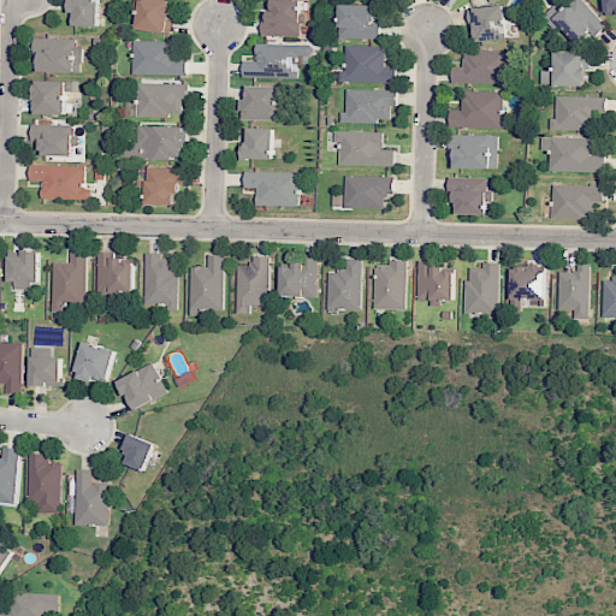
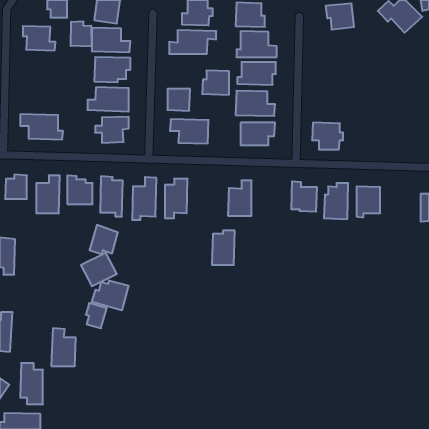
building: none -> [71,21,92,46]
building: [450,49,508,83] -> none
building: [538,52,584,85] -> none
building: [31,79,72,114] -> none
building: [239,85,278,120] -> [202,70,229,95]
building: [448,90,500,128] -> none
building: [547,95,604,130] -> none
building: [30,124,76,156] -> none
building: [450,134,496,168] -> none
building: [538,137,602,171] -> none
building: [551,184,603,218] -> none
building: [279,257,316,296] -> none
building: [373,260,405,309] -> [212,231,235,265]
building: [557,265,588,318] -> none
building: [73,340,114,383] -> [89,225,118,254]
building: [30,348,61,386] -> none
building: none -> [92,280,129,310]
building: [26,454,59,513] -> [20,363,43,404]

